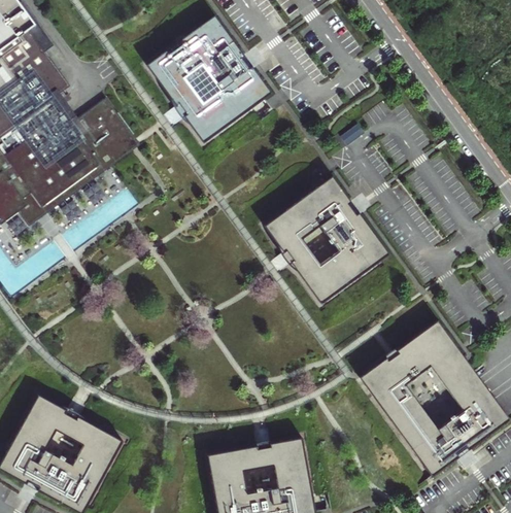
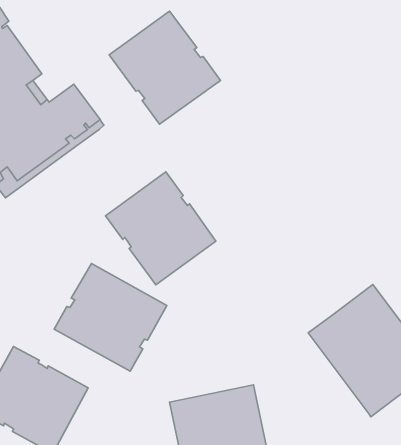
building: [262,175,386,303] -> [106,172,216,285]
building: none -> [54,263,167,371]

